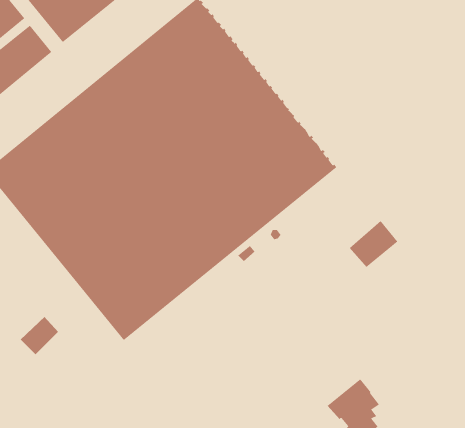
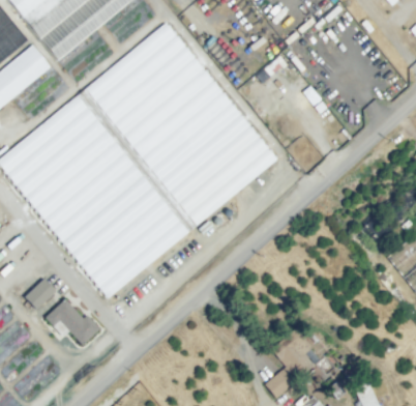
building: [349,220,398,268] -> none
building: none -> [46,298,100,345]

